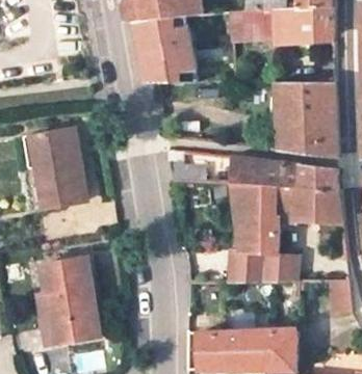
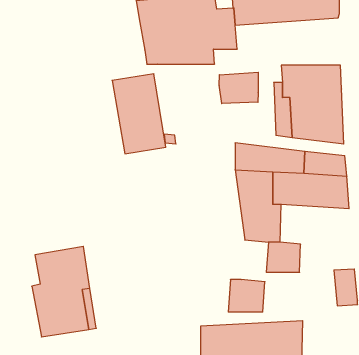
building: none -> [219,72,258,104]
building: [28,130,80,207] -> [112,74,166,154]
building: [228,250,263,282] -> [228,280,265,312]

